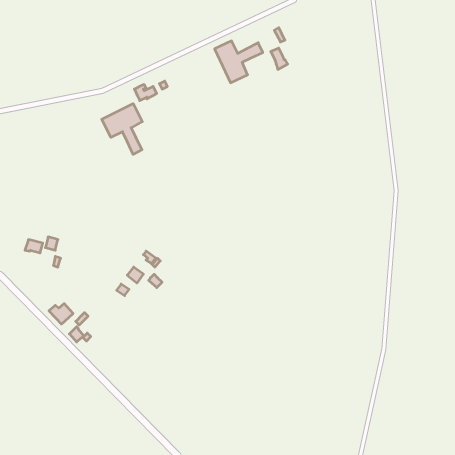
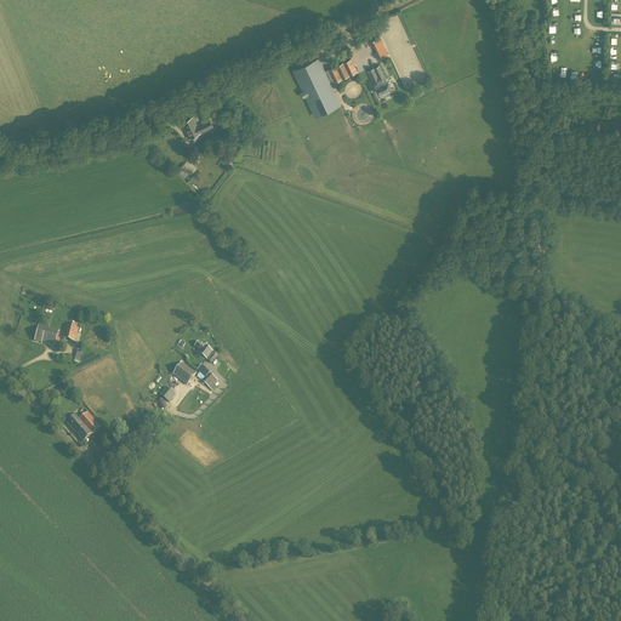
building: [102,104,142,154] -> none

